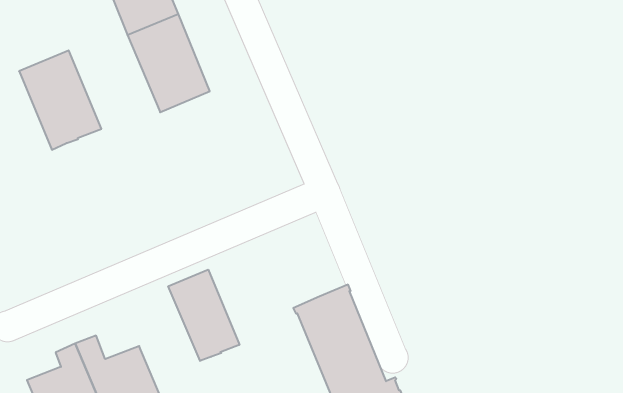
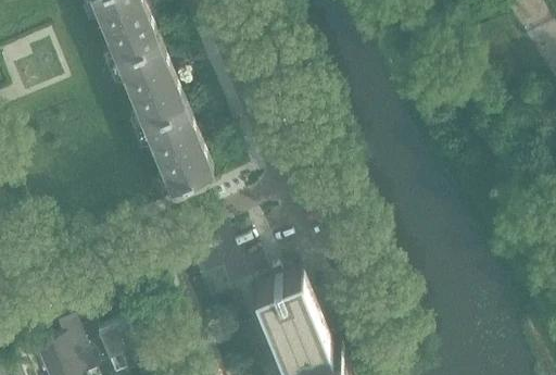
building: [19,50,101,150] -> [143,113,212,196]
building: [168,270,239,361] -> none

